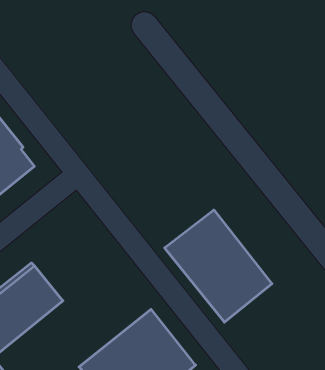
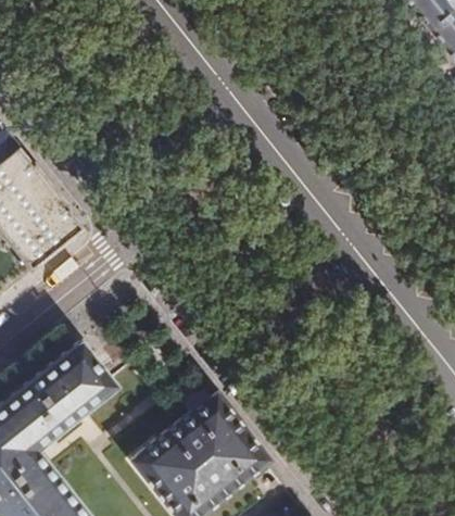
building: [165,210,272,322] -> none

